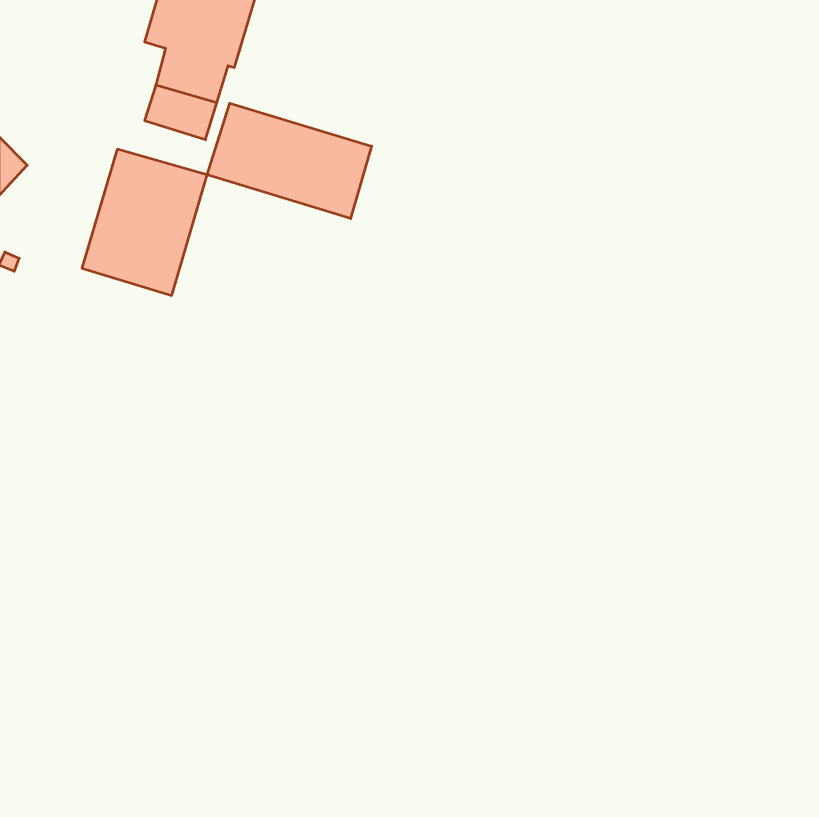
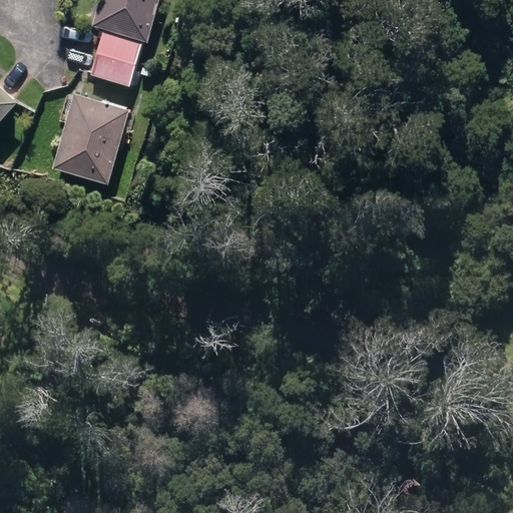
building: [207,103,372,219] -> none

